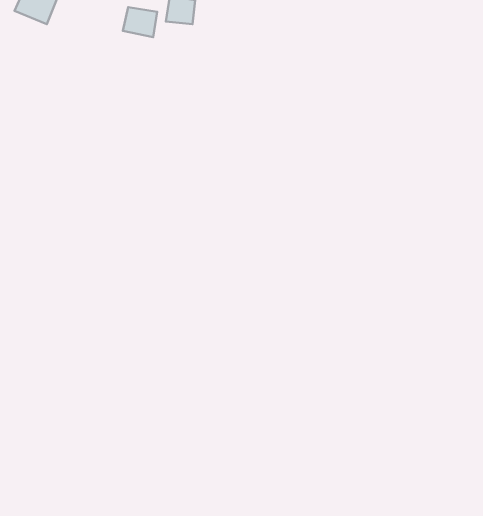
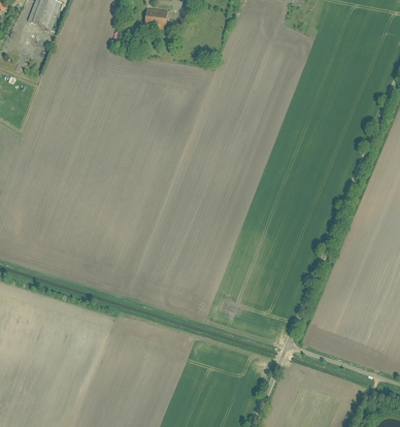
building: [123,7,157,37] -> none

